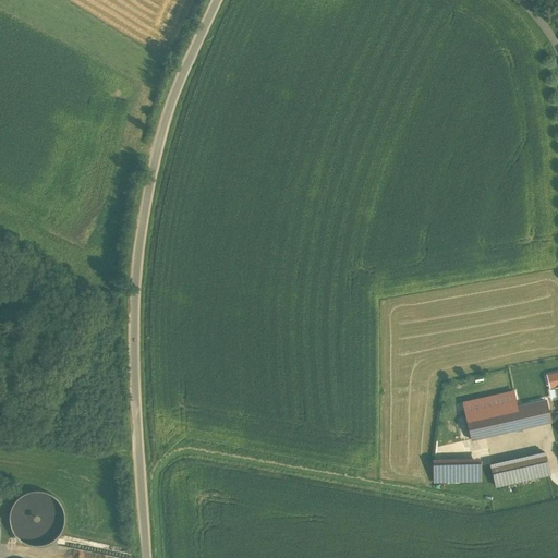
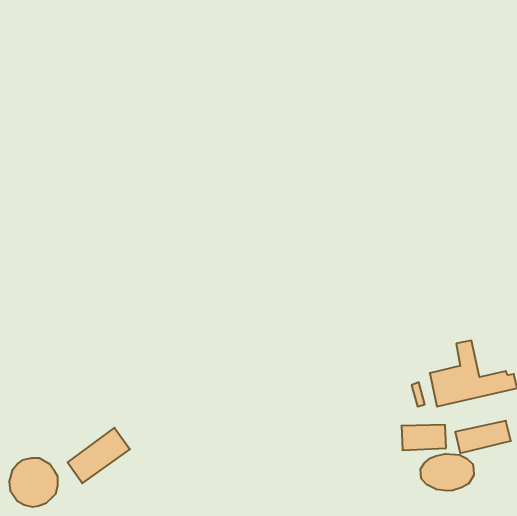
building: none -> [68,428,130,483]
building: none -> [421,454,474,491]

